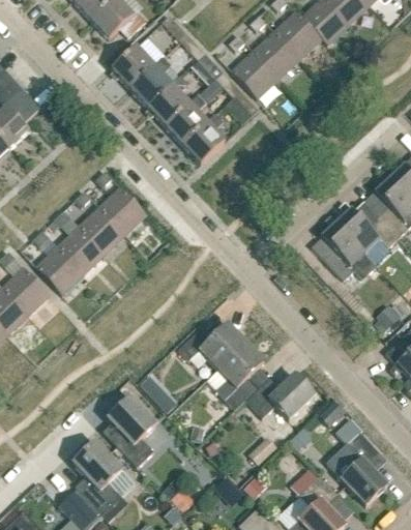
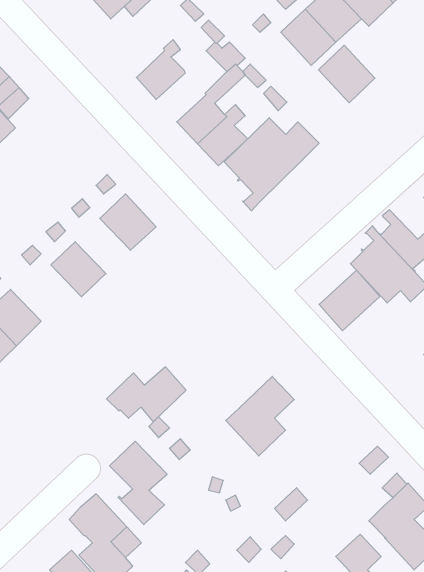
building: [113,47,154,89] -> none
building: [231,51,278,99] -> [319,45,375,103]
building: [147,76,189,126] -> none
building: none -> [224,118,319,211]
building: [79,208,125,255] -> none
building: [36,247,84,295] -> none
building: none -> [319,270,380,331]
building: [178,322,245,369] -> [107,367,186,422]
building: [245,374,315,419] -> none

